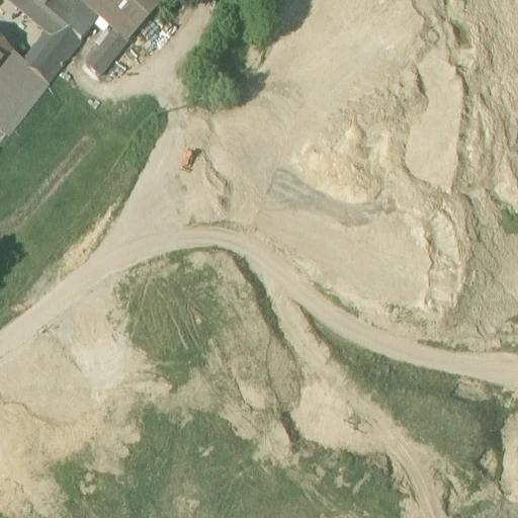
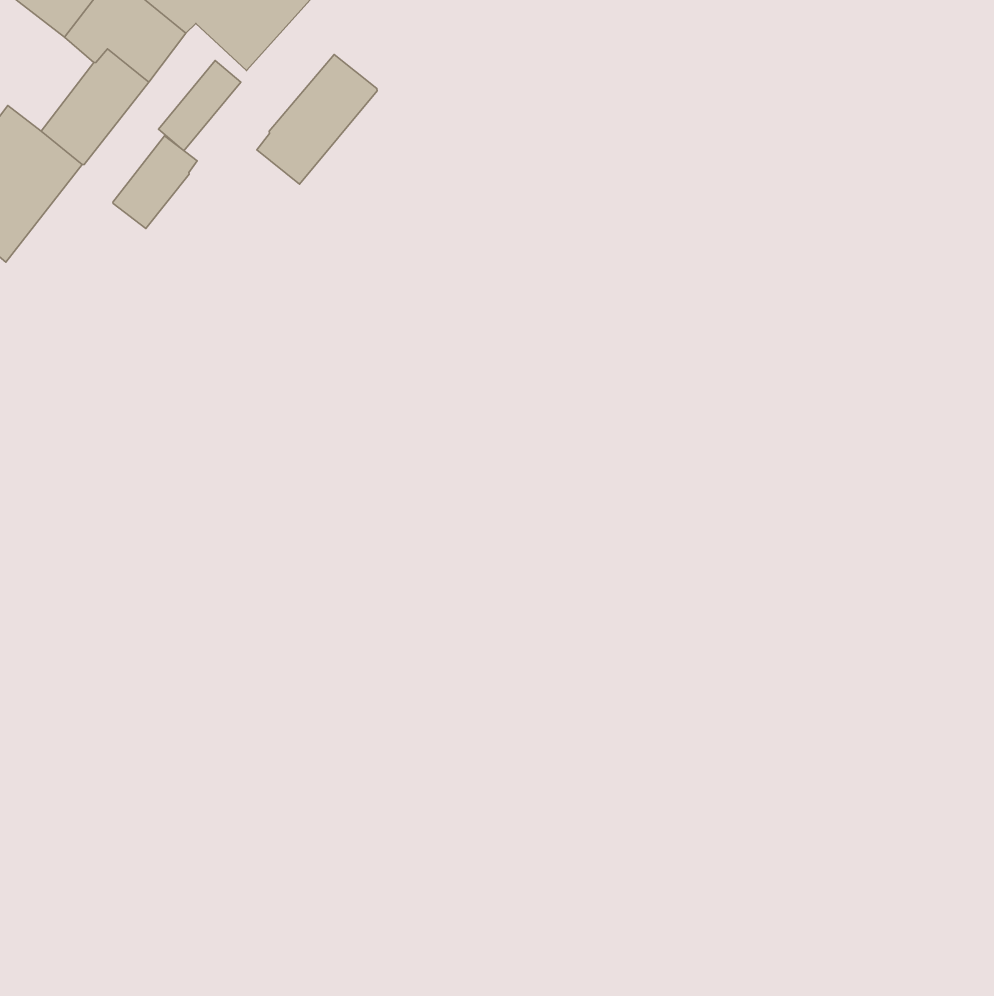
building: none -> [257,54,377,184]
building: none -> [113,136,197,228]

